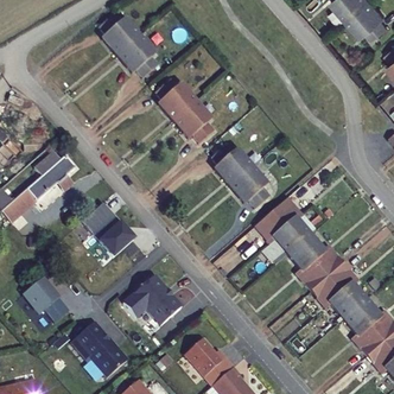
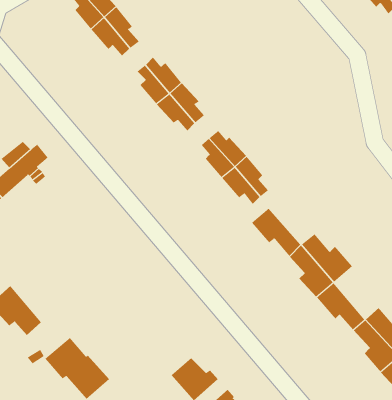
building: [268,196,309,242] -> none
building: [84,209,138,263] -> none
building: [325,261,364,307] -> none
building: [128,278,186,328] -> none

